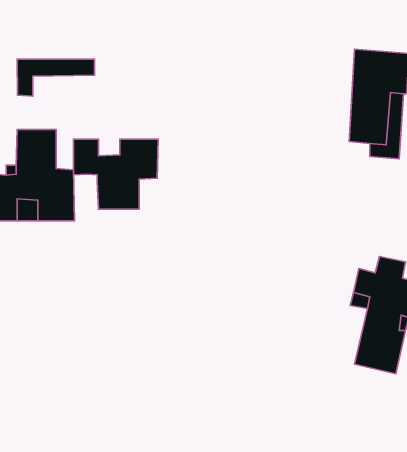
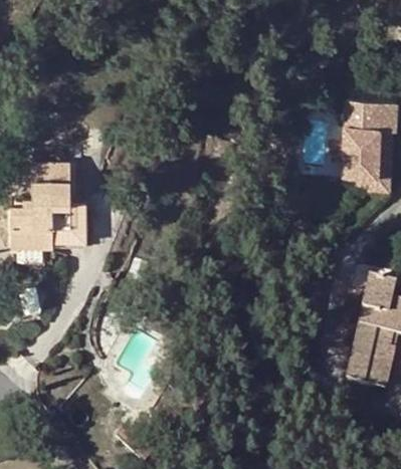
building: [17,59,95,96] -> none
building: [74,139,158,209] -> none

